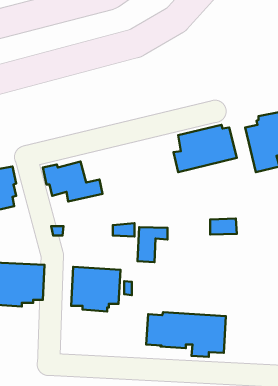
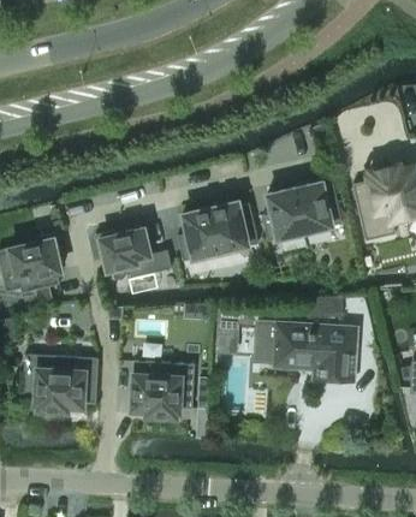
building: none -> [177,202,257,261]
building: [146,312,226,357] -> [255,323,356,380]

